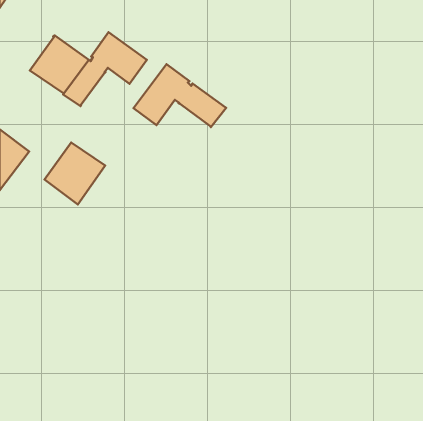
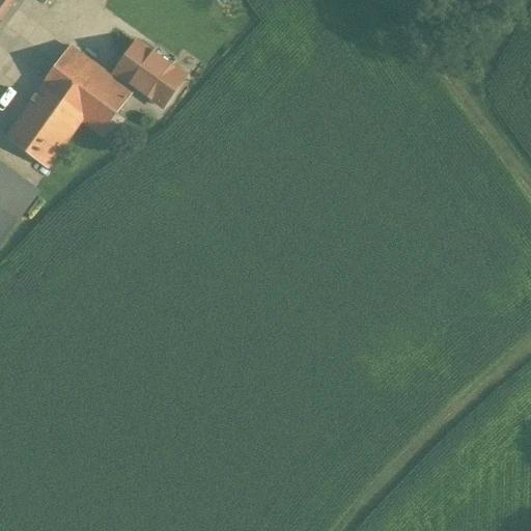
building: [133,64,226,127] -> none
building: [45,142,105,205] -> [4,88,80,166]

